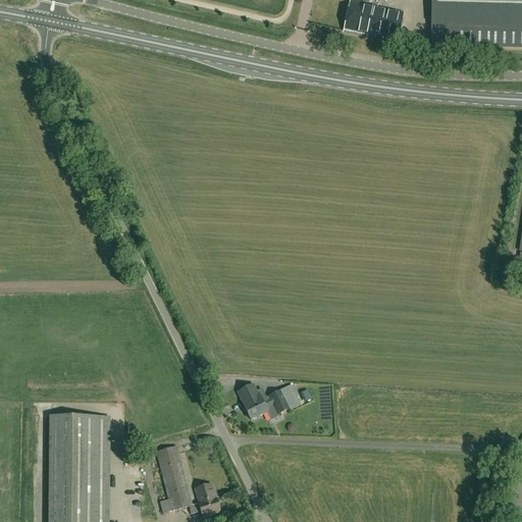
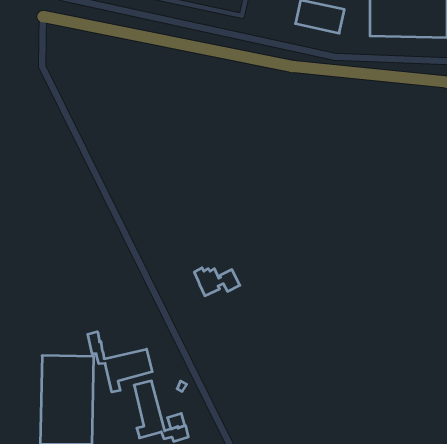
building: [238,384,291,417] -> [194,268,240,296]
building: none -> [88,332,152,392]

